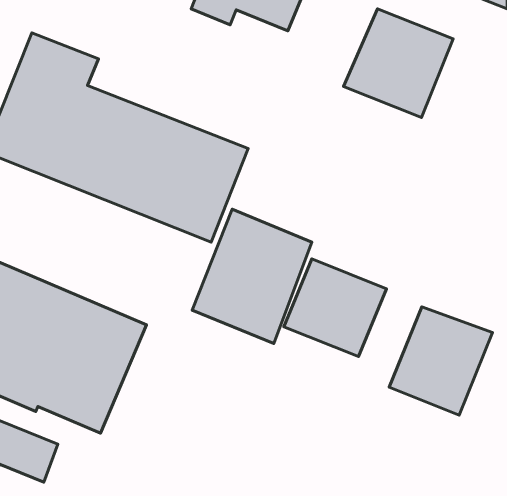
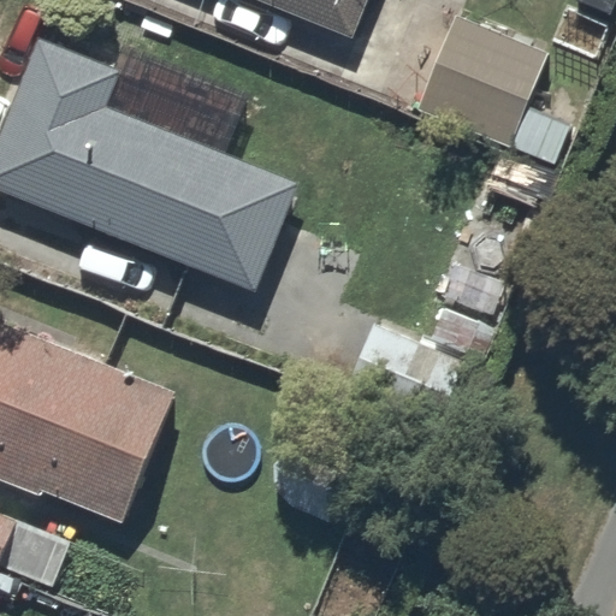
building: [192,209,312,344] -> none
building: [389,307,493,415] -> none

